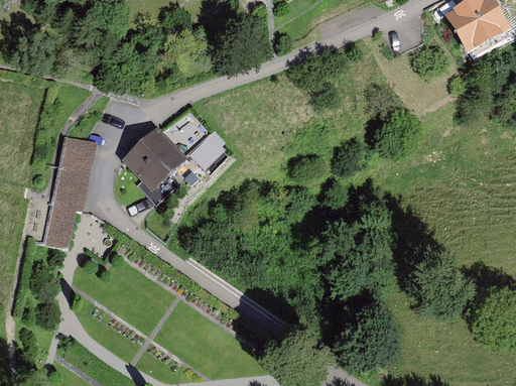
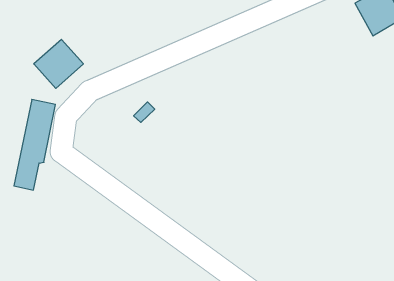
building: [124,128,185,188] -> [34,39,83,88]

